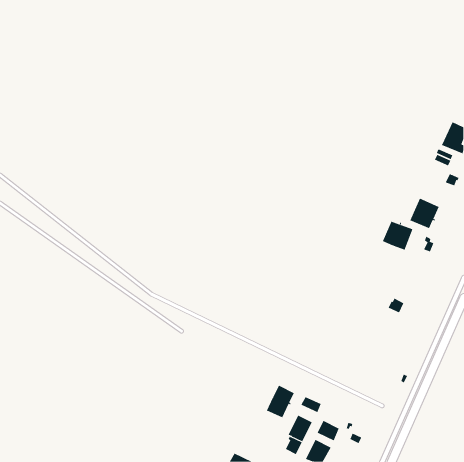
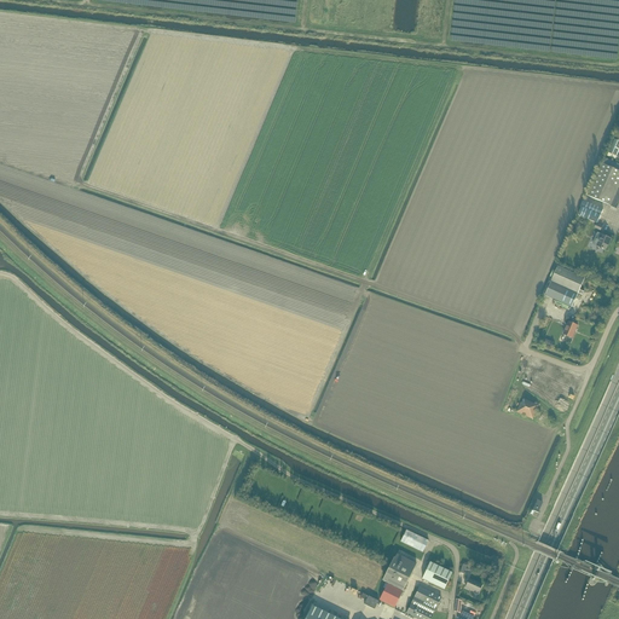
building: [382,221,413,250] -> none
building: [266,385,294,418] -> none

